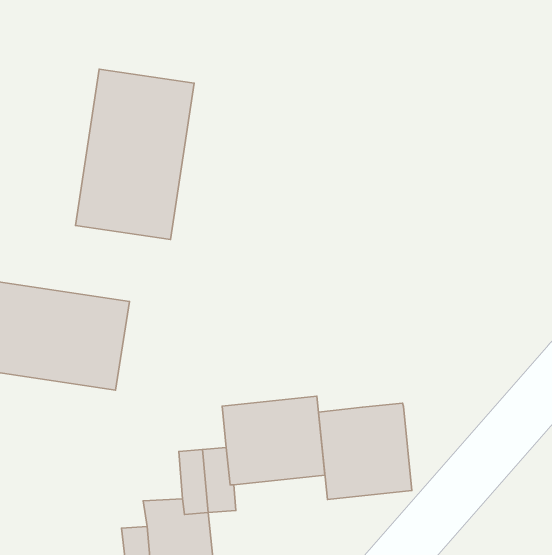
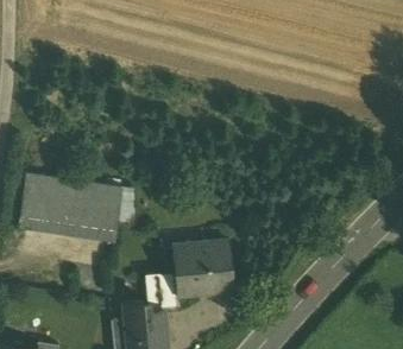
building: [76,69,194,239] -> none
building: [318,403,412,500] -> none

